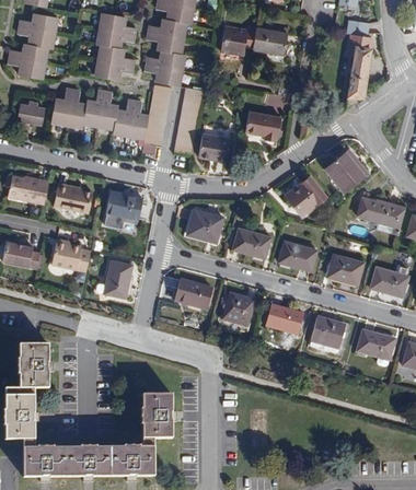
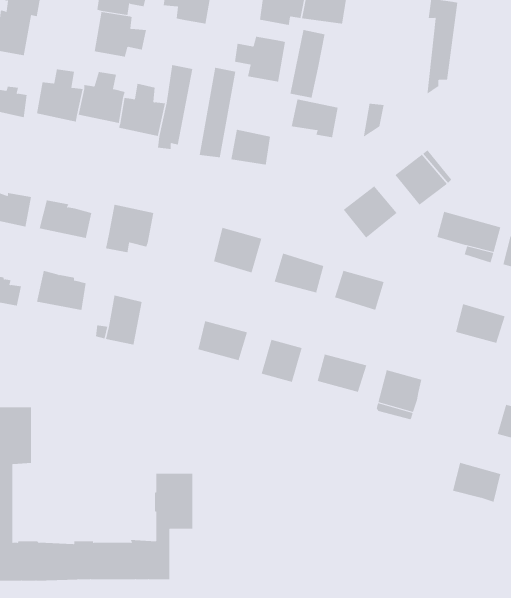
building: [146,50,185,85] -> [234,36,286,82]
building: none -> [290,29,325,99]
building: [326,254,363,284] -> none
building: [357,329,394,360] -> [452,462,501,503]

